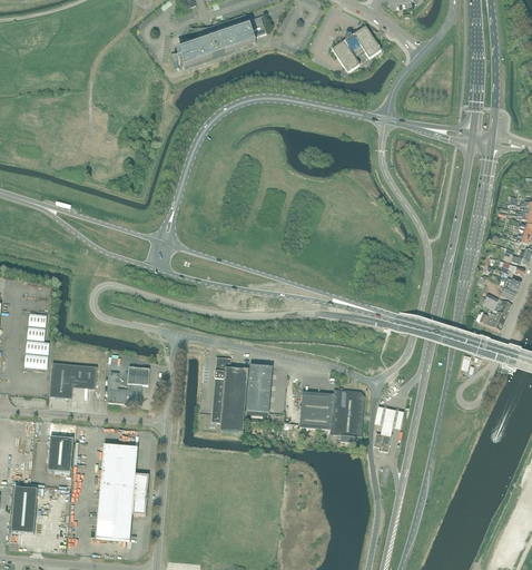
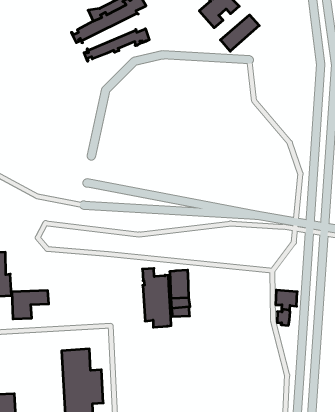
building: none -> [84,29,149,61]
building: none -> [220,15,259,51]
building: [108,366,150,405] -> none
building: [299,387,365,441] -> none
building: [48,435,73,471] -> none

